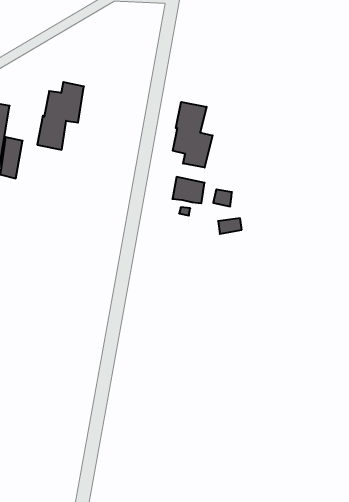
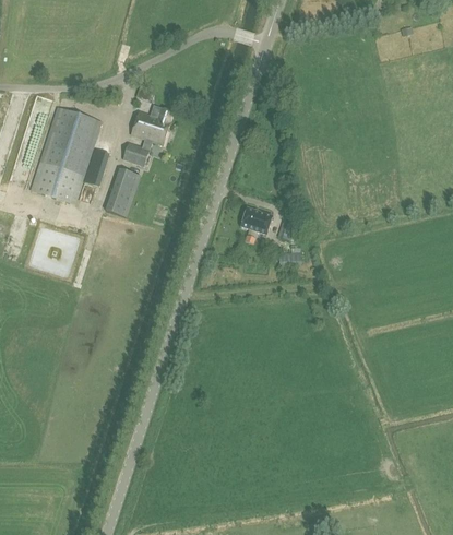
building: [173,102,213,168] -> none
building: none -> [106,169,139,217]

